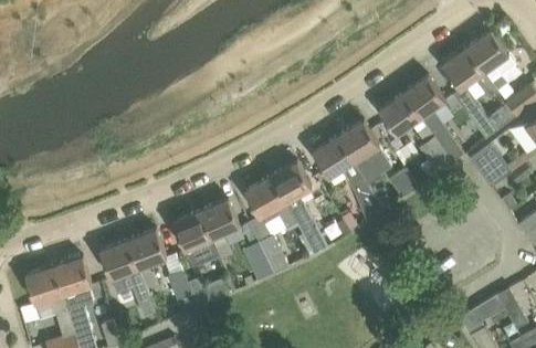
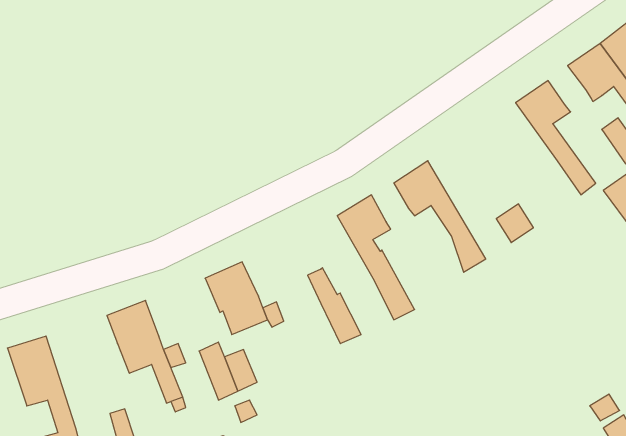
building: [379,94,453,175] -> none
building: [338,122,381,186] -> none
building: [244,178,296,230] -> none
building: [200,200,239,238] -> none
building: [128,231,166,267] -> none
building: [242,243,273,281] -> none
building: [54,256,94,336] -> none

